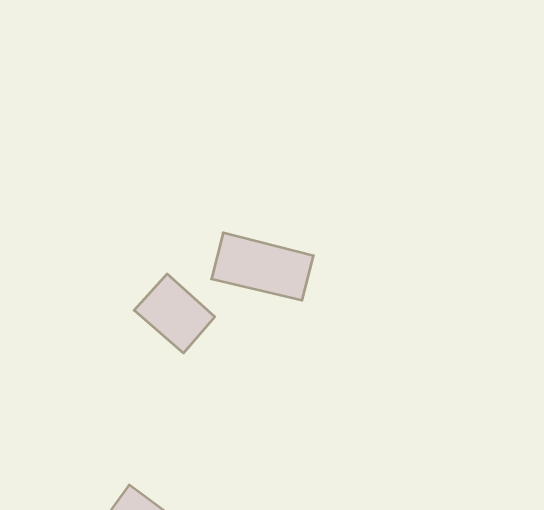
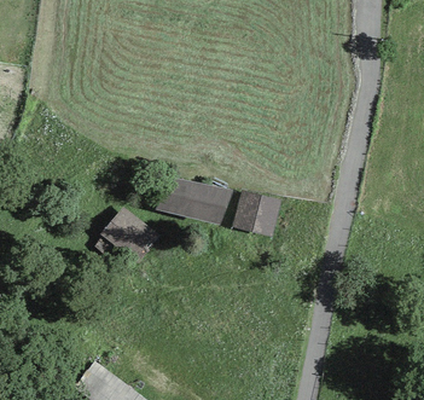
building: none -> [232,189,283,237]

